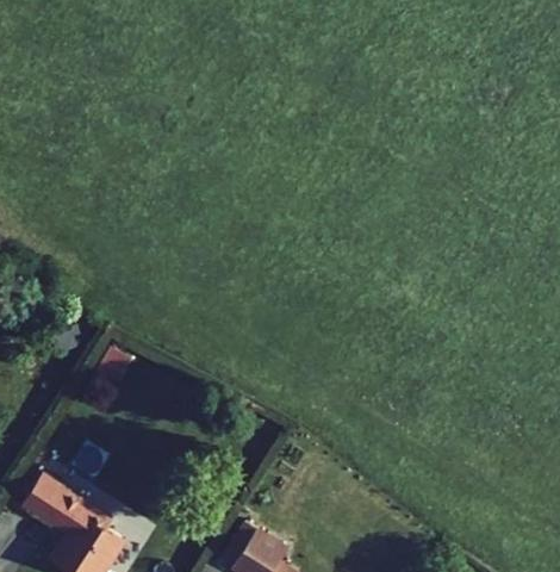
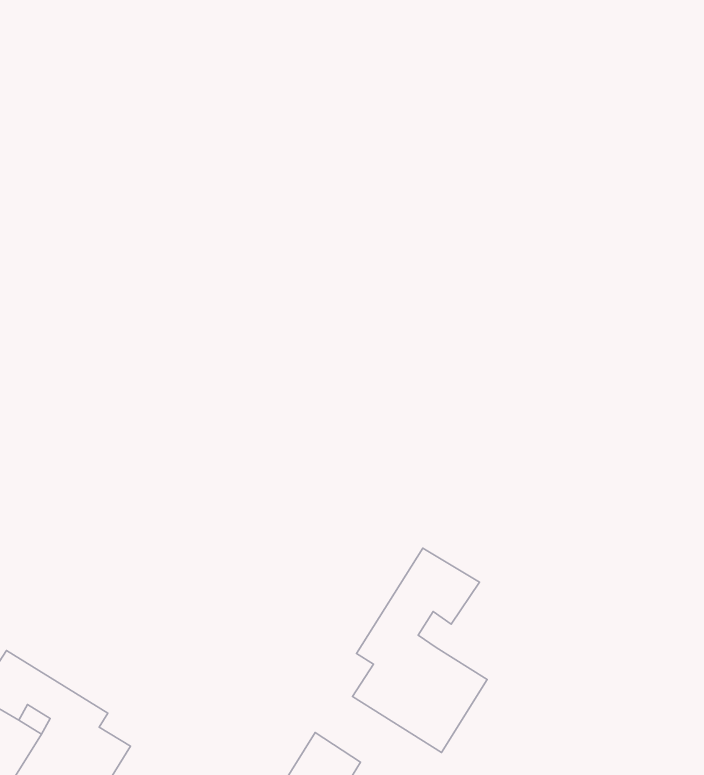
building: none -> [353,548,487,752]

